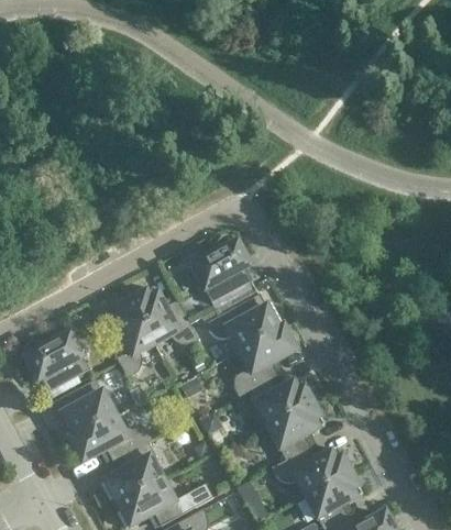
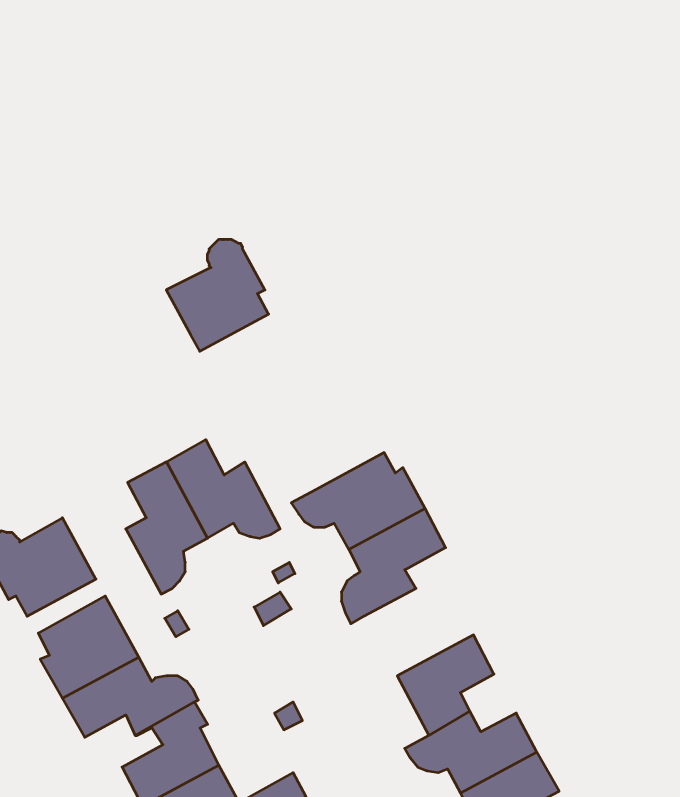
building: [193,236,253,302] -> [166,240,269,351]
building: [249,375,314,427] -> none

